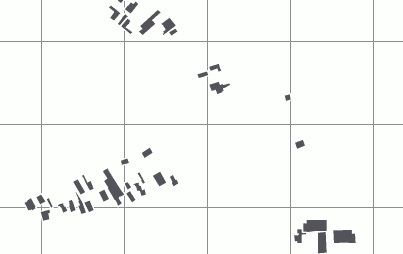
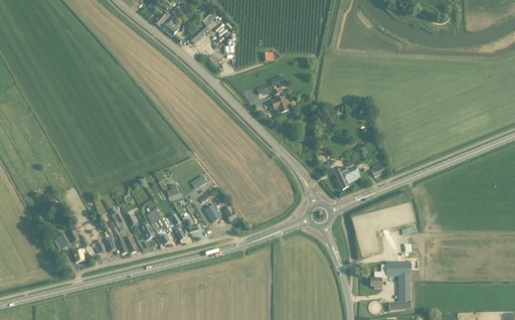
building: none -> [333,163,360,189]
building: [333,229,356,244] -> none

